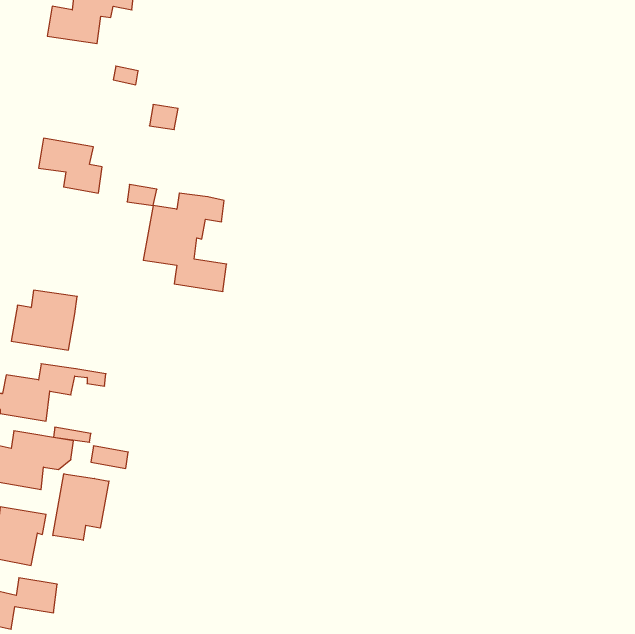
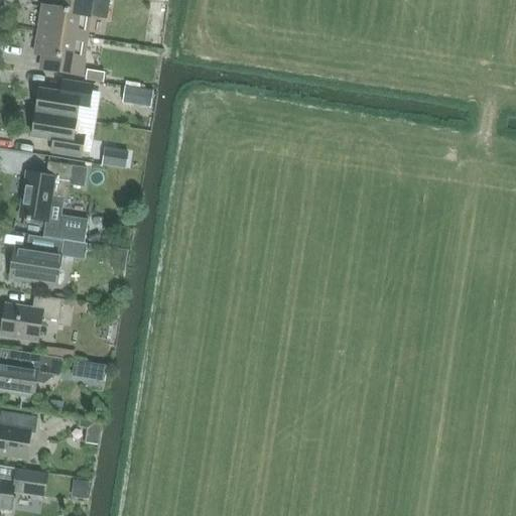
building: none -> [35,29,83,75]
building: none -> [35,80,92,119]
building: [143,193,227,291] -> [18,161,86,241]
building: [53,474,109,540] -> none

